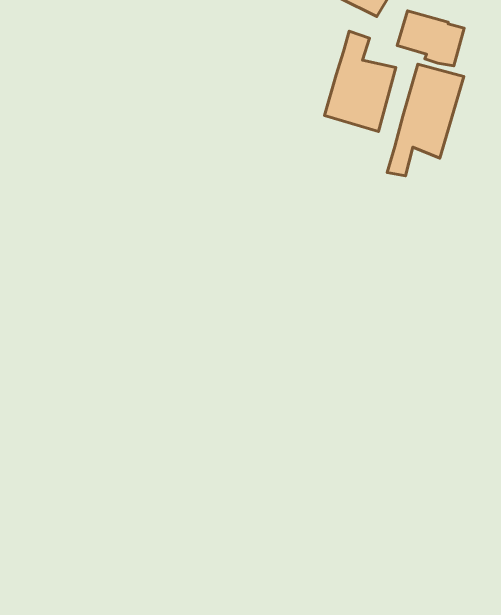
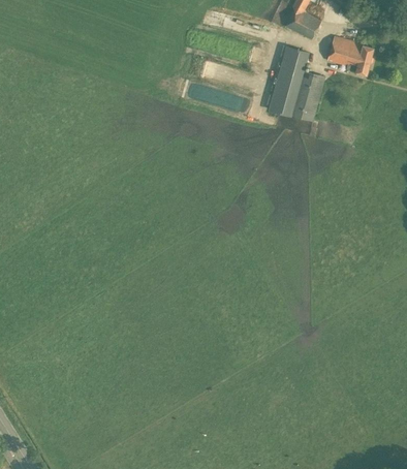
building: [387,64,464,176] -> none

